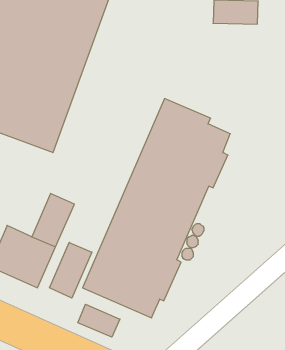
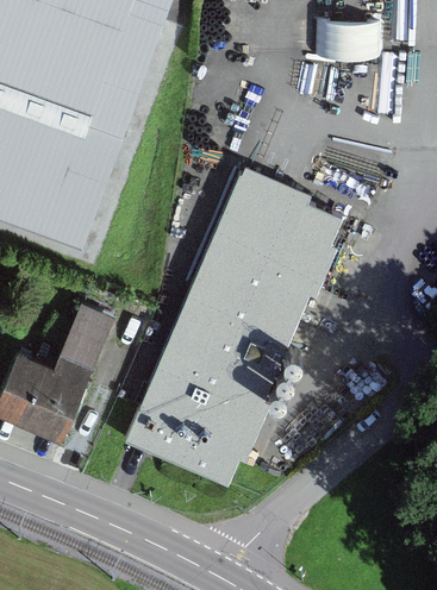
building: [49,242,92,298] -> none
building: [78,304,120,337] -> none

